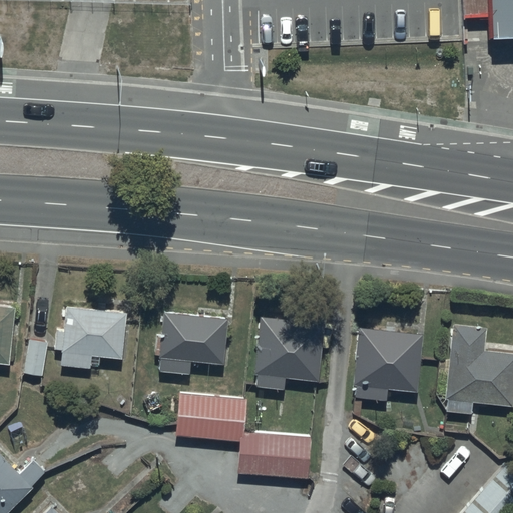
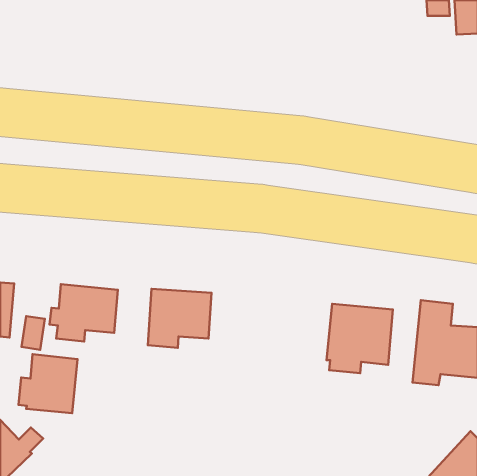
building: [253,316,326,391] -> none
building: none -> [19,354,78,413]
building: [177,394,313,479] -> none

